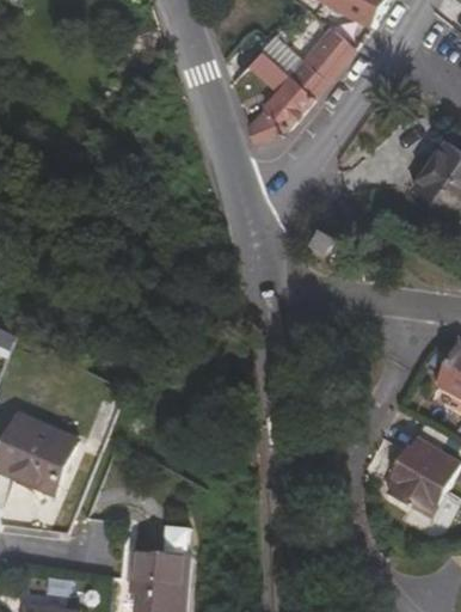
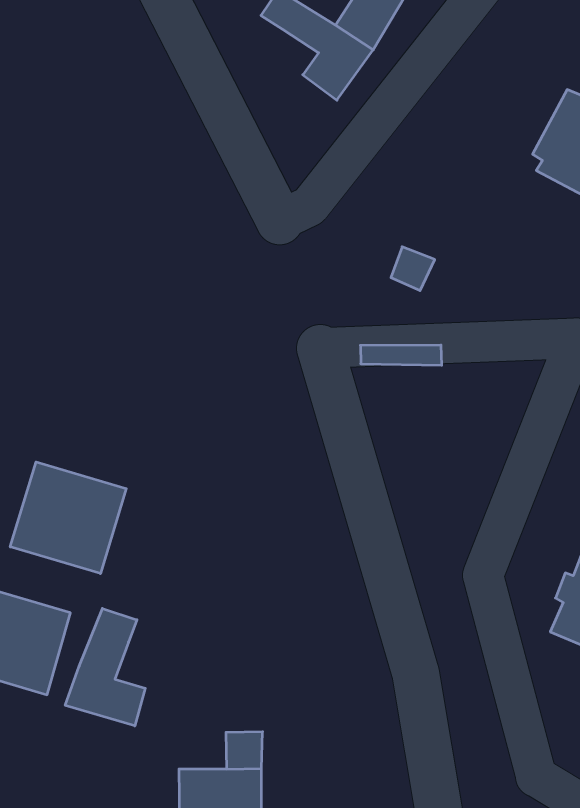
building: none -> [10,462,126,574]
building: none -> [65,608,145,726]

